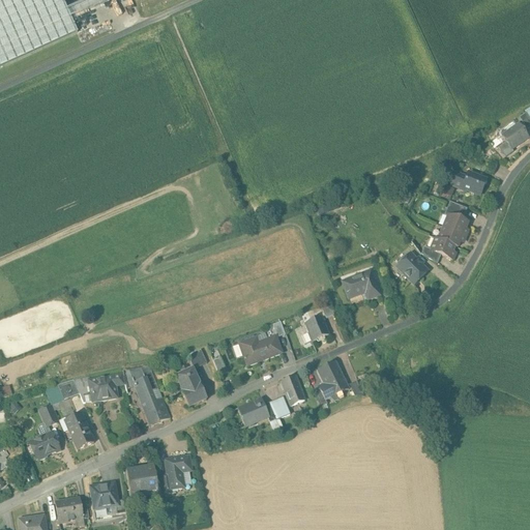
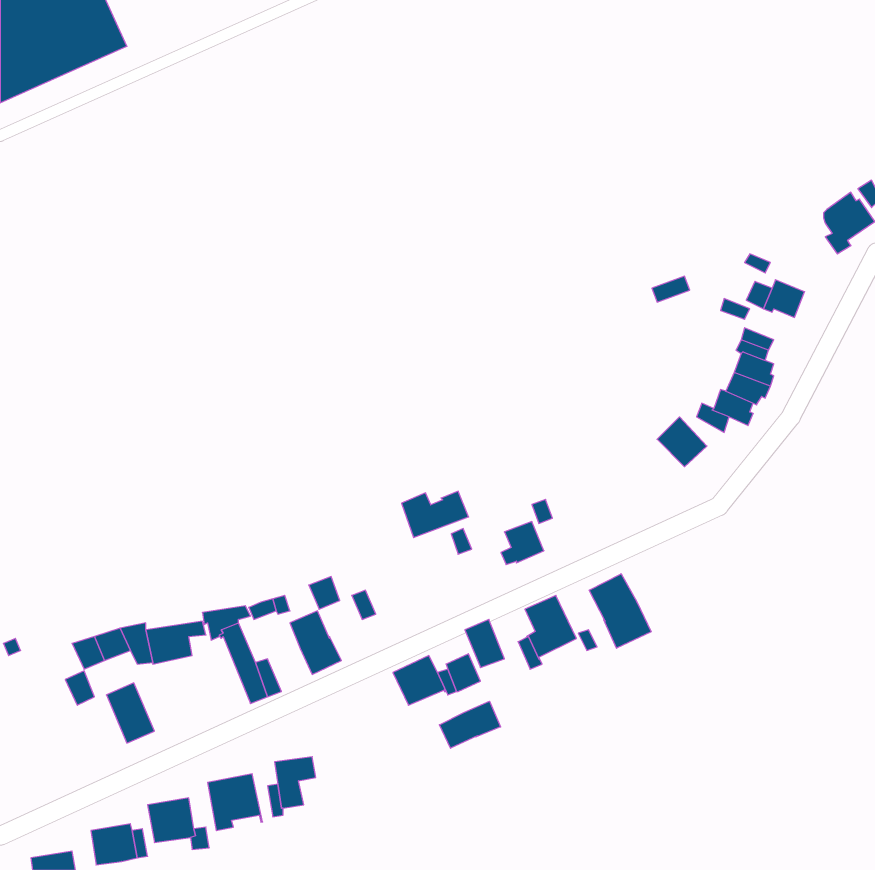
building: [343,270,379,297] -> none
building: [241,334,282,362] -> [402,491,469,538]
building: none -> [589,574,651,648]
building: none -> [439,701,501,748]
building: [30,432,60,458] -> none

